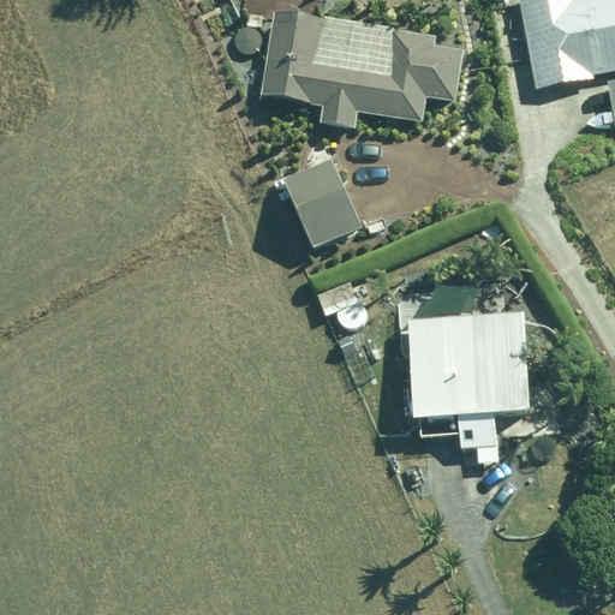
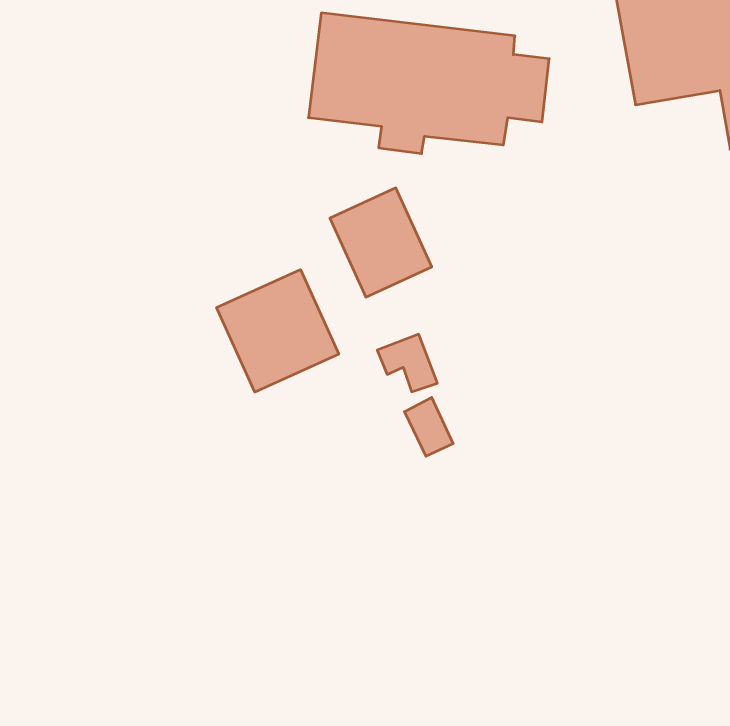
building: none -> [217,270,339,392]
building: [404,310,530,461] -> none

